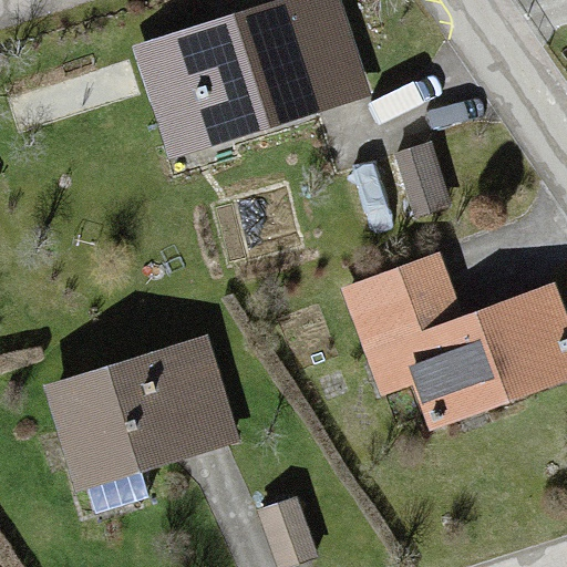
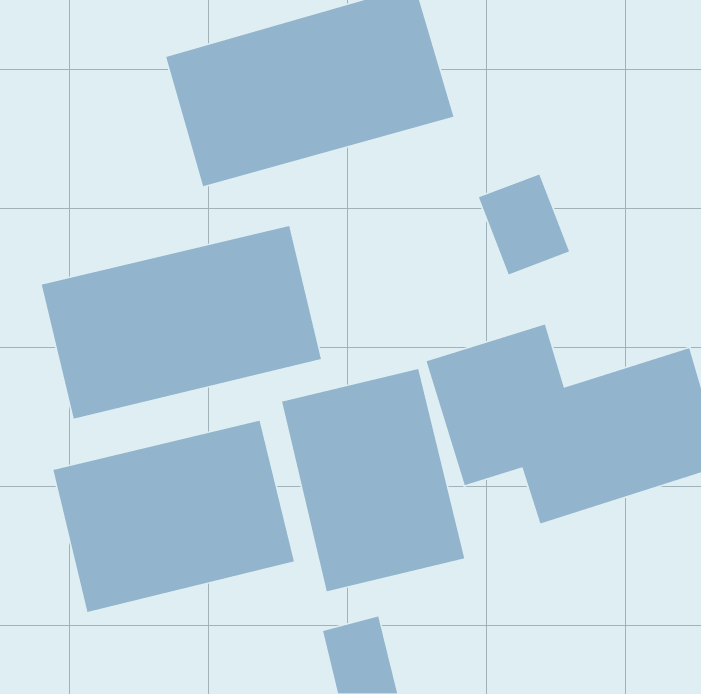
building: none -> [41,225,322,420]
building: none -> [281,368,465,592]

